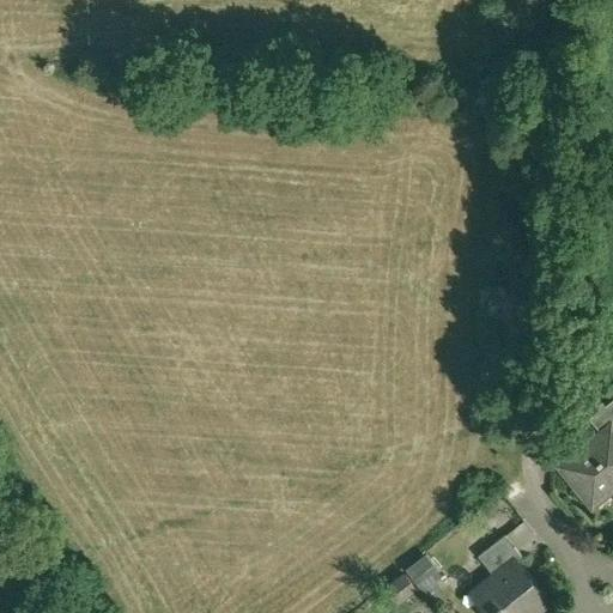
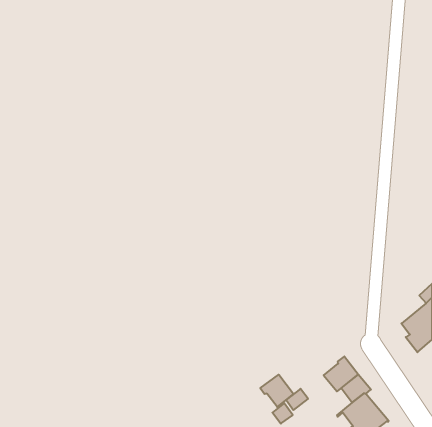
building: none -> [324,356,358,391]
building: none -> [260,375,293,407]

